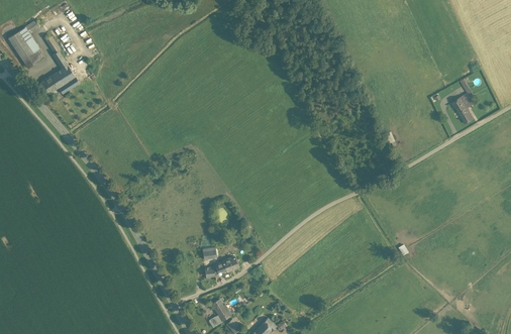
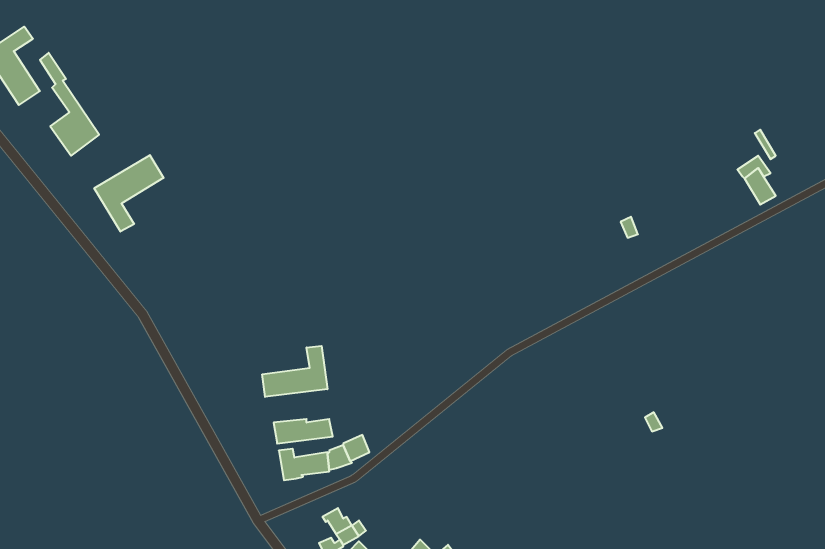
building: none -> [94,155,164,232]
building: none -> [262,346,327,397]

